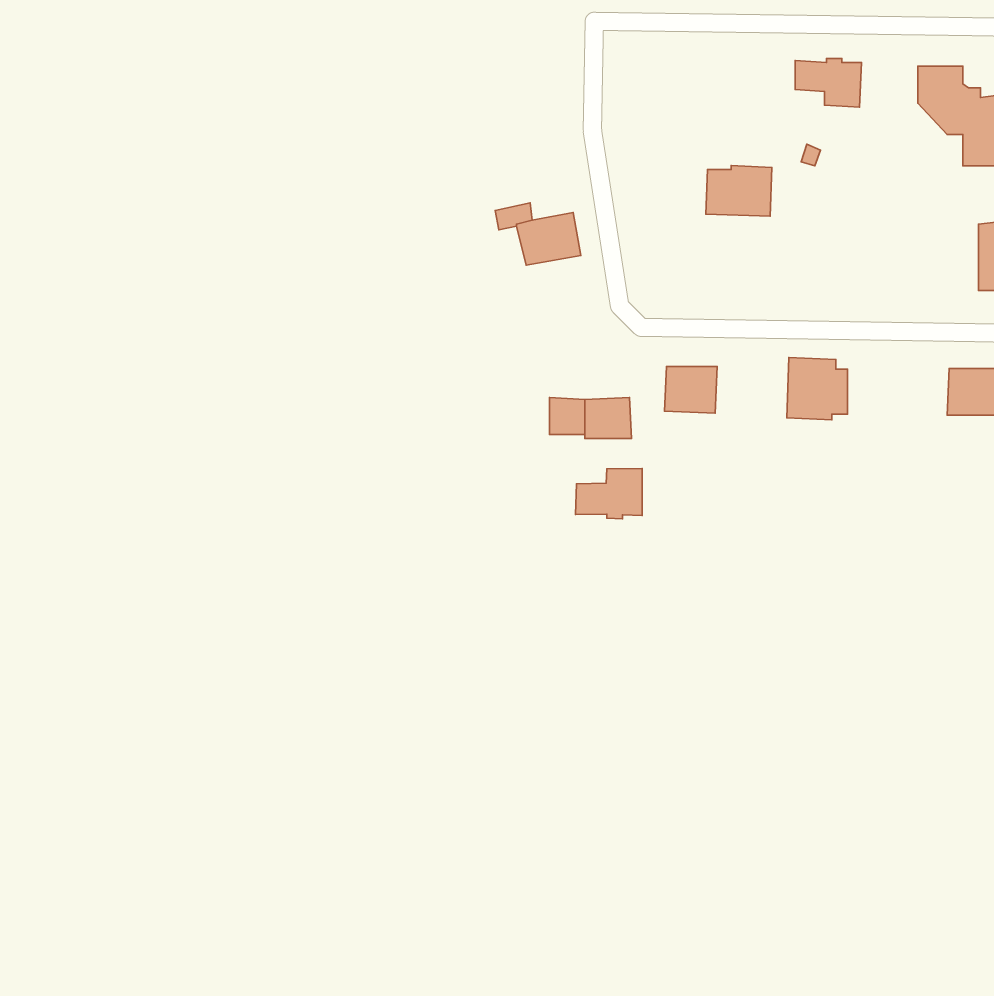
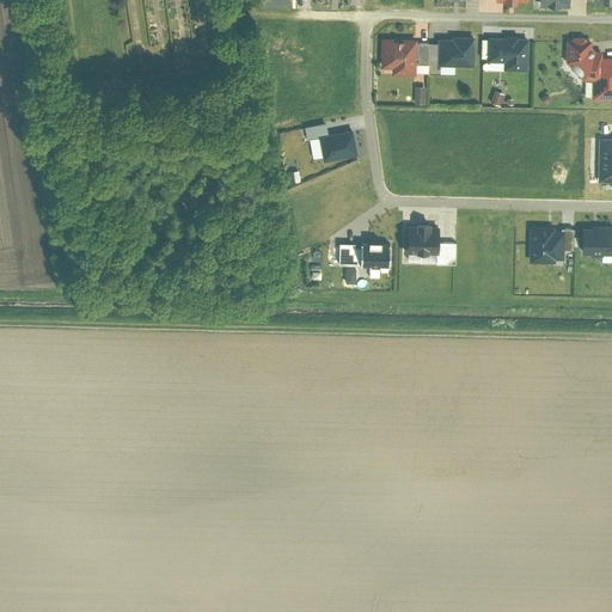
building: none -> [384,38,416,71]
building: [706,165,772,216] -> [435,37,476,68]
building: [787,358,847,420] -> [528,225,565,263]
building: [575,468,642,519] -> none

